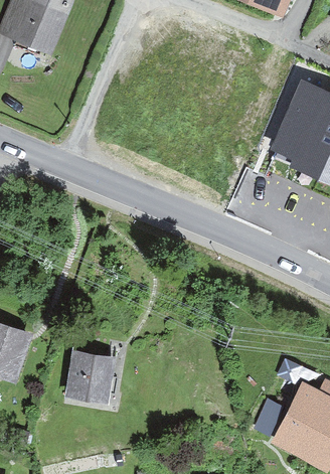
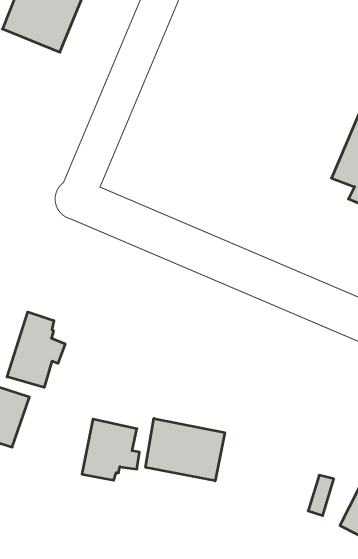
building: none -> [7,312,65,387]
building: none -> [146,418,225,481]

